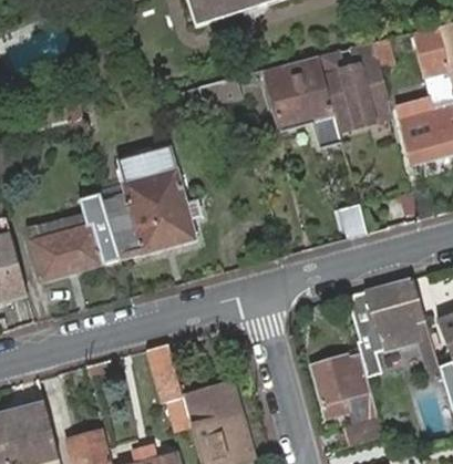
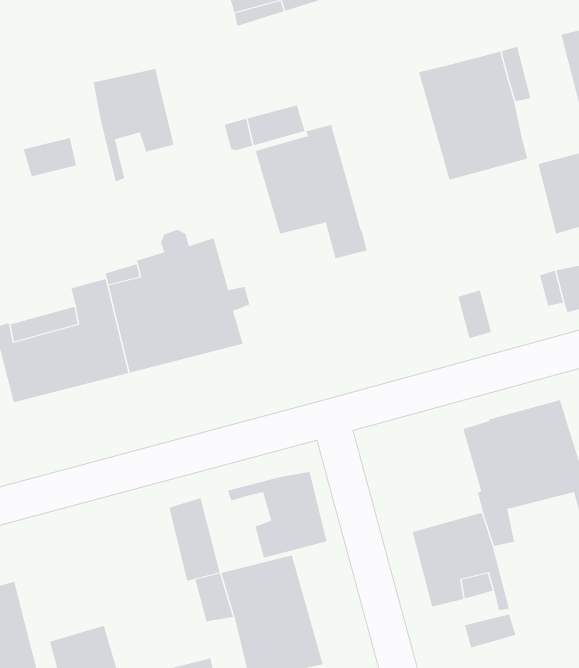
building: none -> [93,68,174,182]
building: [264,55,340,146] -> [255,125,368,259]
building: none -> [227,471,327,558]

